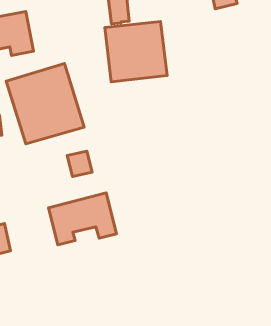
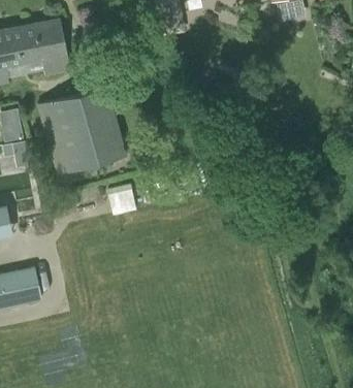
building: [105,21,167,82] -> none
building: [48,193,116,245] -> none

